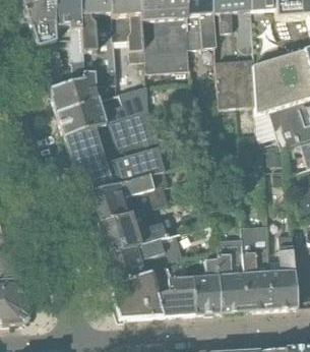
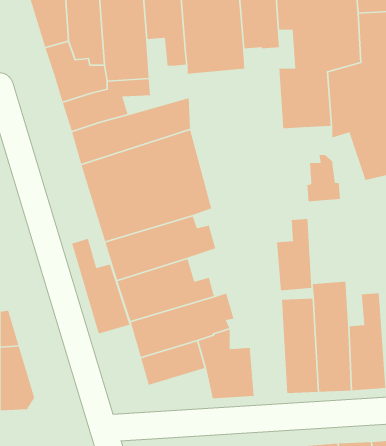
building: none -> [71,238,131,334]
building: [195,257,223,313] -> [276,218,312,291]
building: [117,292,166,317] -> none

